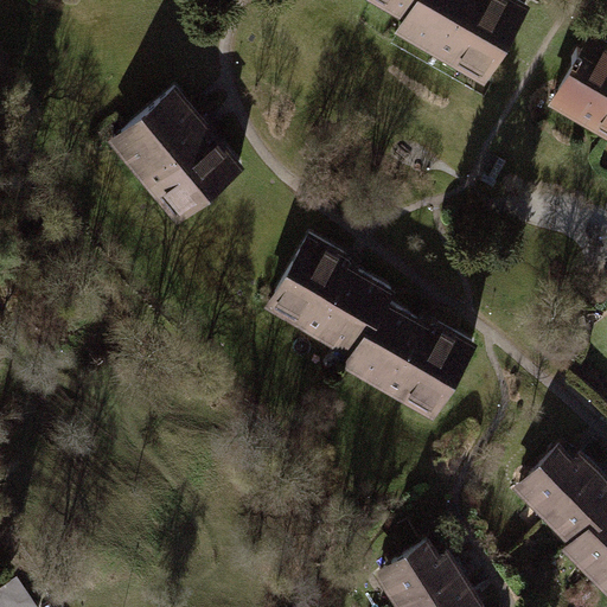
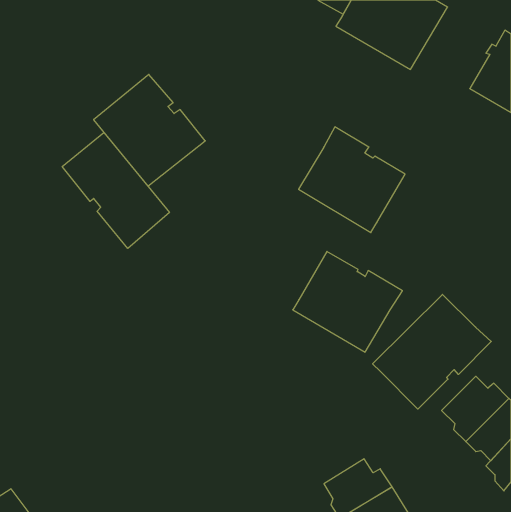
building: none -> [62,132,169,248]
building: [264,234,390,358] -> [299,127,405,233]
building: none -> [373,294,491,409]

